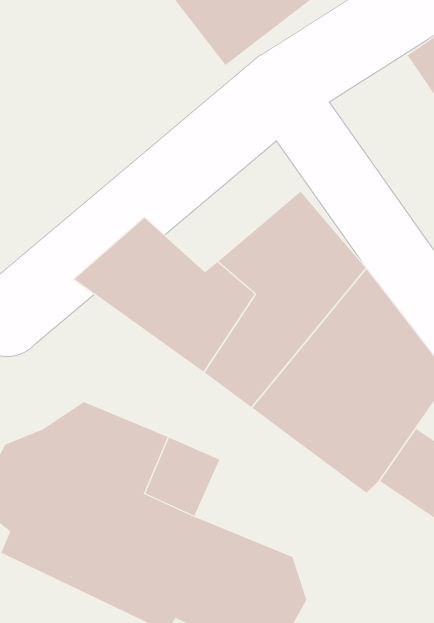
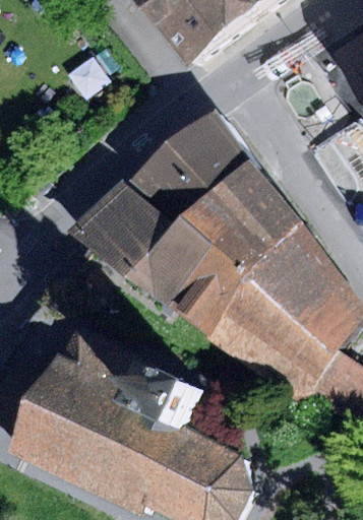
building: none -> [133,113,249,218]

